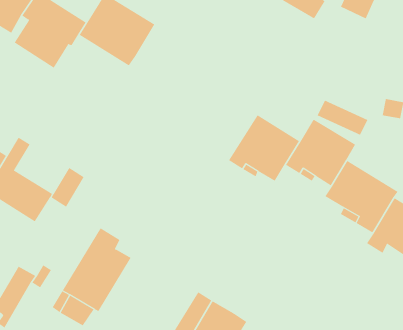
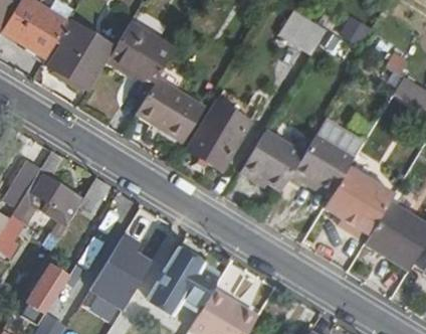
building: none -> [136,77,205,142]
building: none -> [187,103,249,171]
building: none -> [149,252,214,313]

